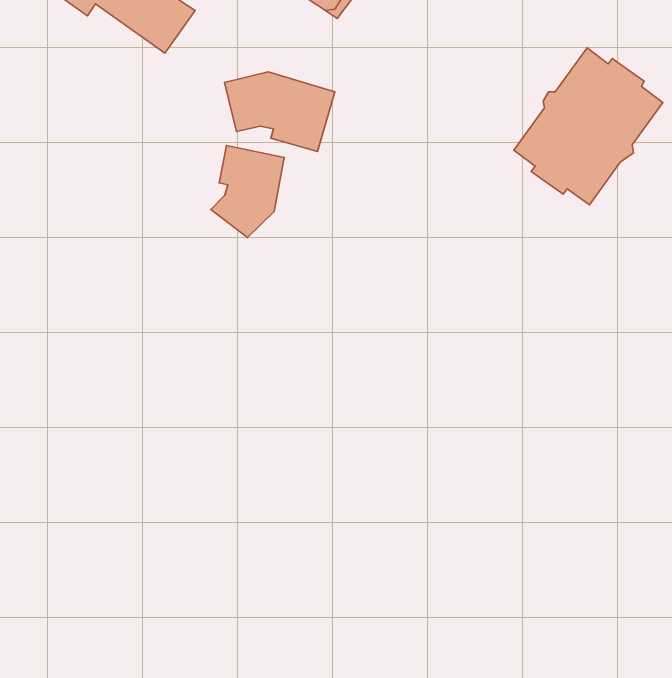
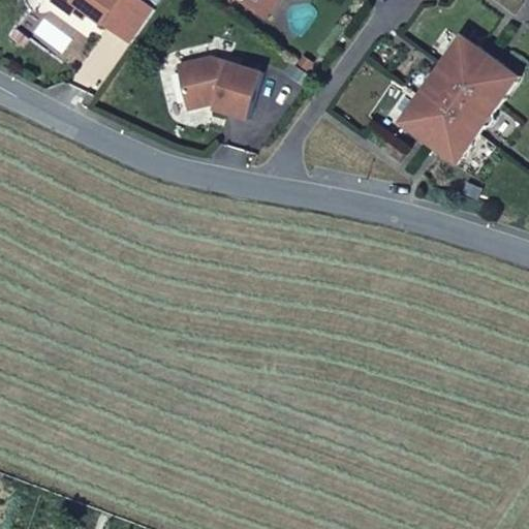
building: [211,145,284,238] -> none

